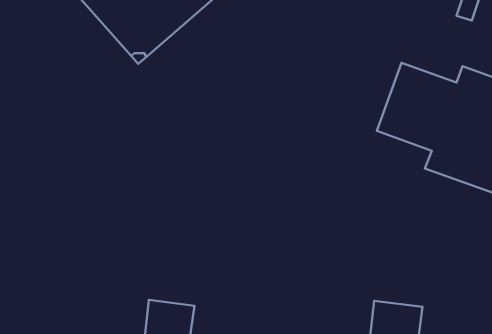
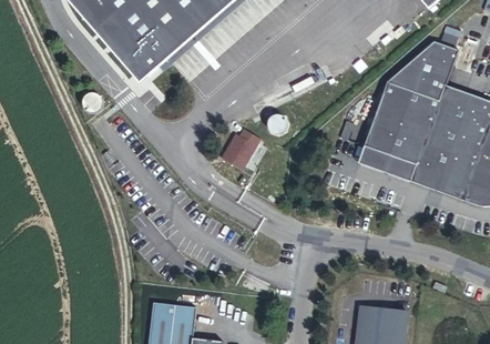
building: none -> [388,40,460,99]
building: none -> [226,131,265,172]
building: none -> [358,144,417,180]

